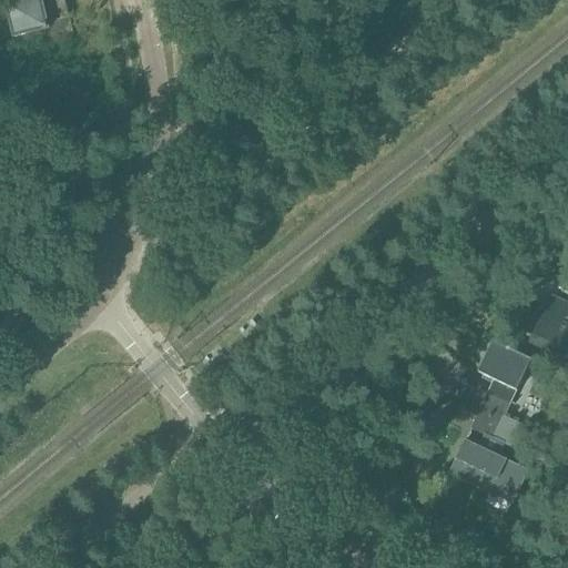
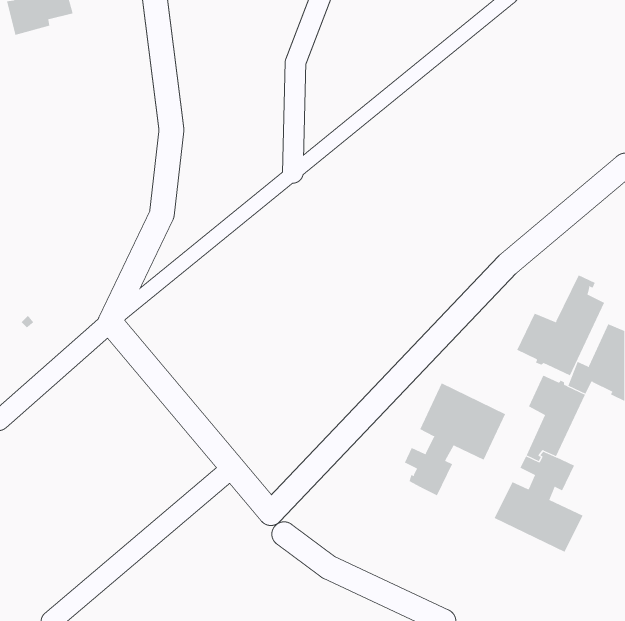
building: none -> [516,274,605,376]
building: none -> [404,383,506,496]

